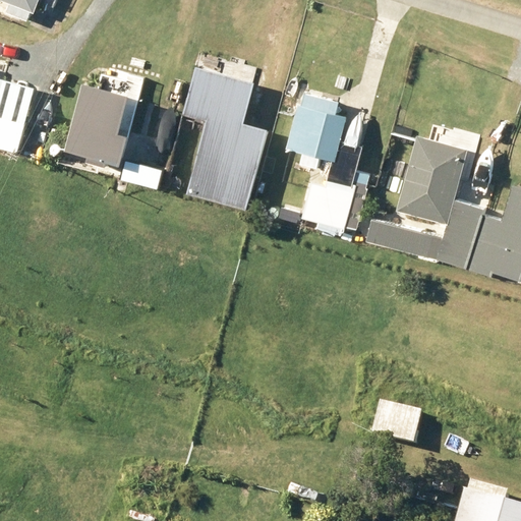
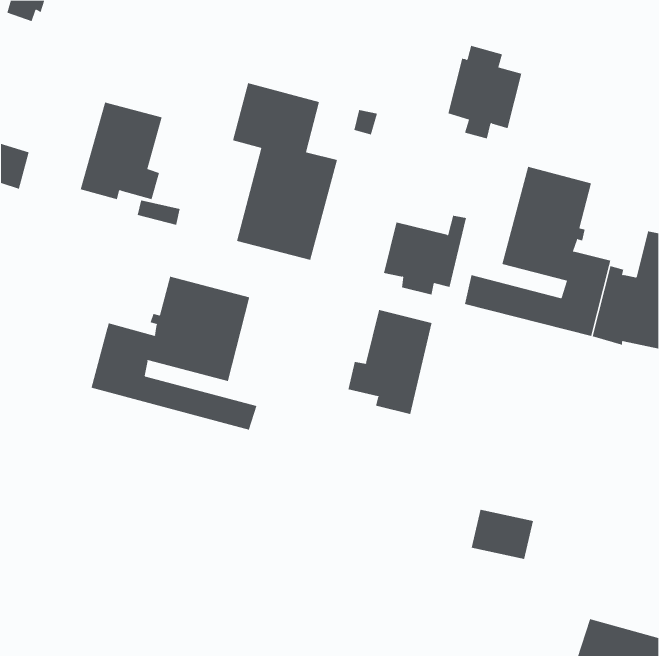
building: [286,94,345,168] -> [447,45,522,139]
building: none -> [91,276,257,430]
building: none -> [348,309,432,415]

